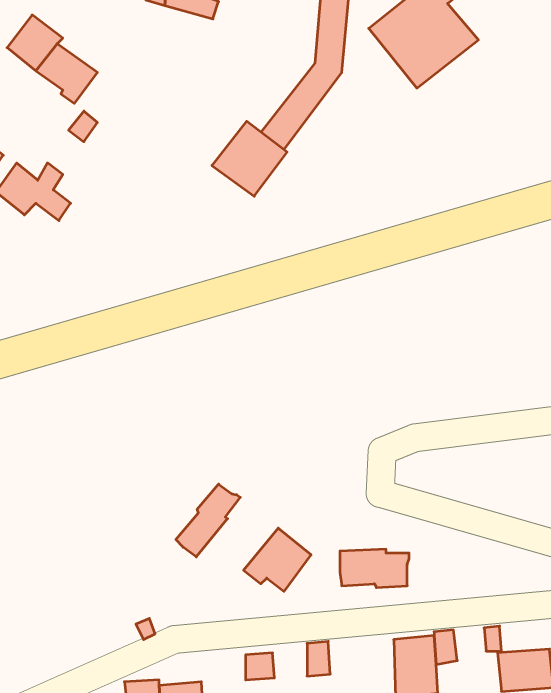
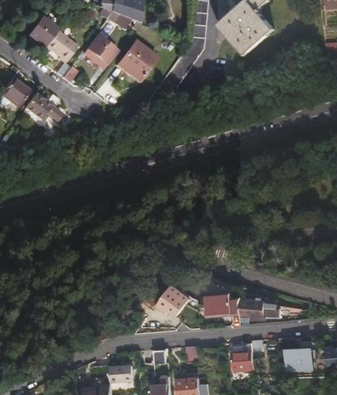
building: none -> [85,34,117,65]
building: [212,121,287,196] -> [116,43,155,82]
building: [176,484,240,557] -> none
building: none -> [237,300,278,320]

